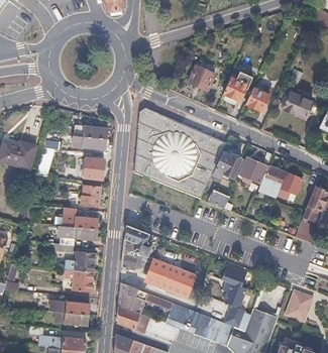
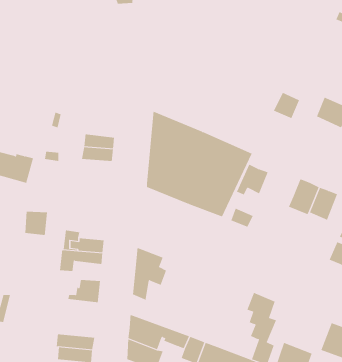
building: [188,67,215,92] -> none
building: [223,72,252,105] -> none
building: [243,150,274,180] -> none
building: [84,157,104,180] -> none
building: [82,186,102,207] -> [25,211,48,235]
building: [147,258,195,296] -> none
building: [66,269,93,291] -> none

